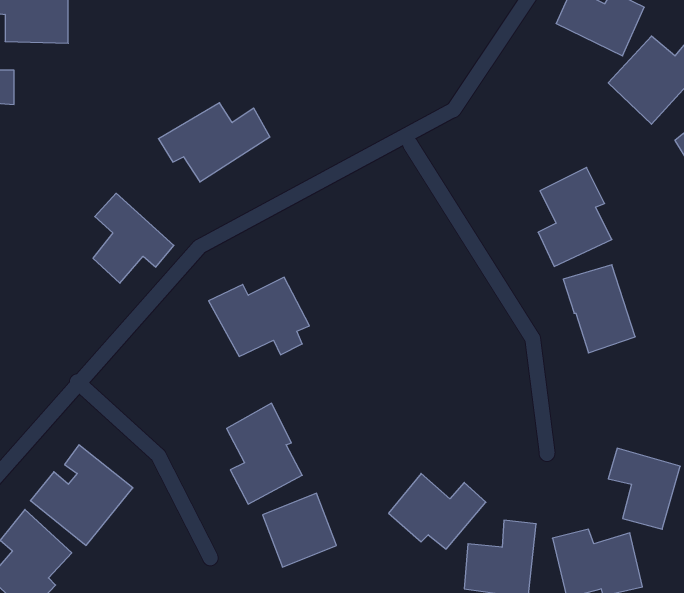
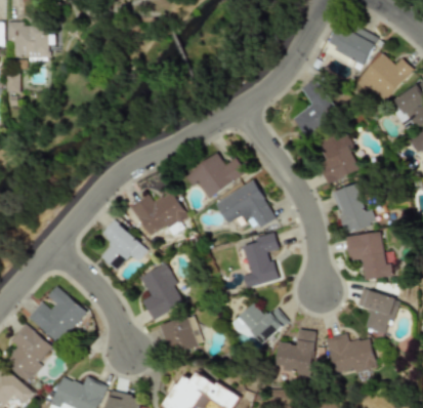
building: none -> [294,79,339,135]
building: [158,103,270,182] -> [184,154,248,199]
building: [93,193,174,283] -> [101,219,147,271]
building: none -> [216,180,276,227]
building: none -> [347,232,389,280]
building: none -> [244,233,280,288]

